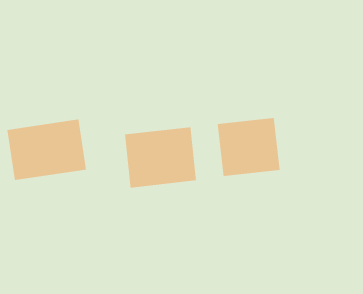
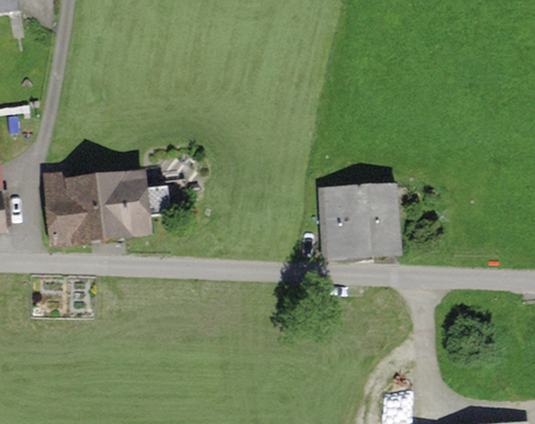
building: [124,126,197,188] -> none

